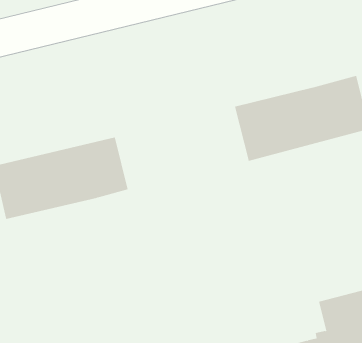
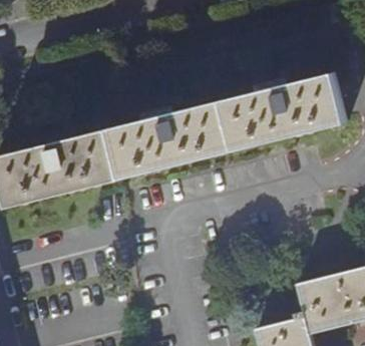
building: none -> [110,101,234,179]

